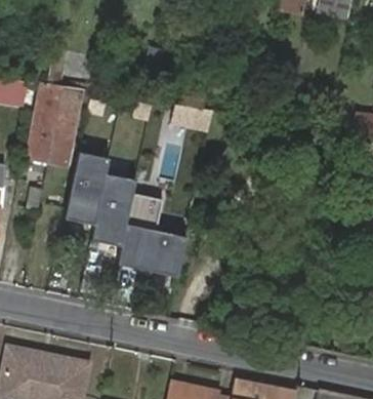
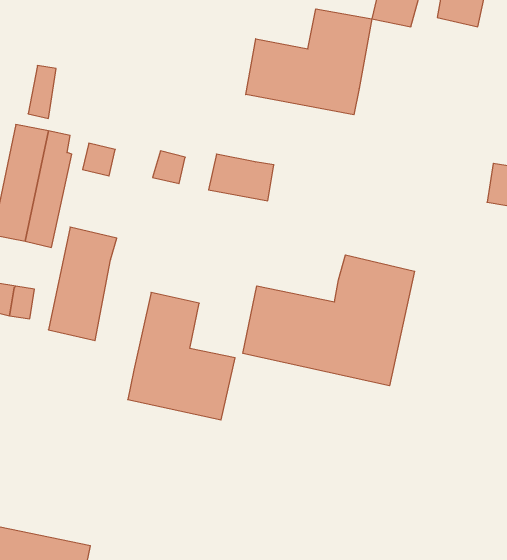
building: none -> [246,9,372,115]
building: none -> [243,255,415,386]
building: [91,172,134,245] -> none

